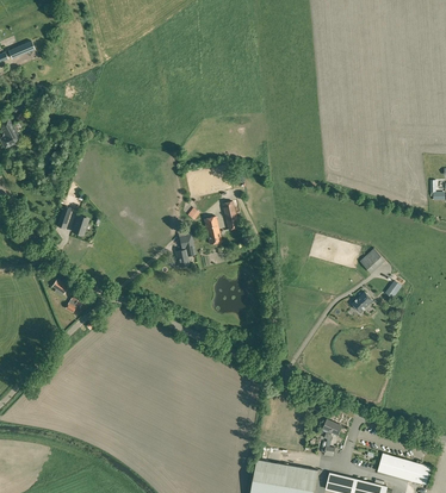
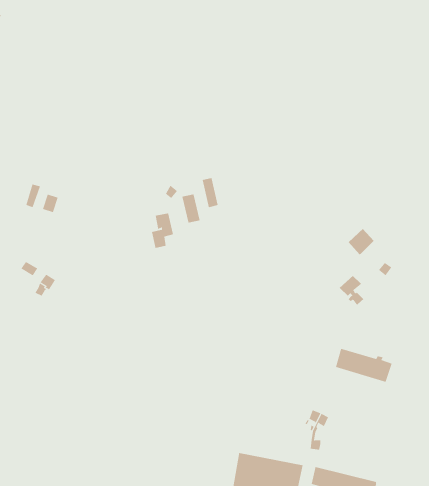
building: [378,453,432,485] -> [335,348,392,383]

